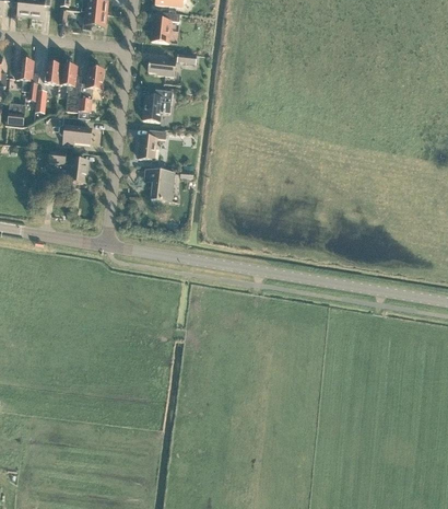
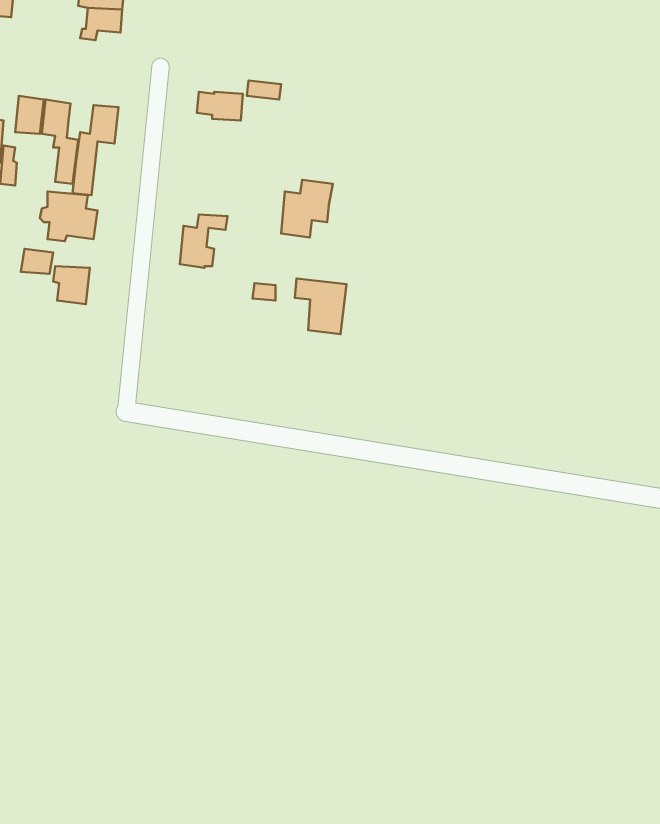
building: [153,12,181,43] -> none
building: [144,89,174,122] -> [281,180,333,237]
building: [145,170,175,201] -> [295,279,346,334]

